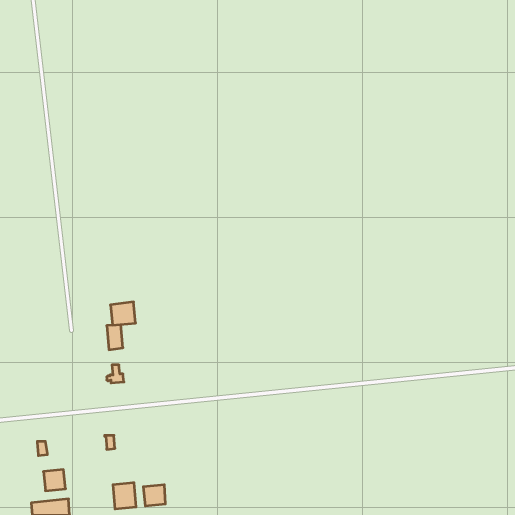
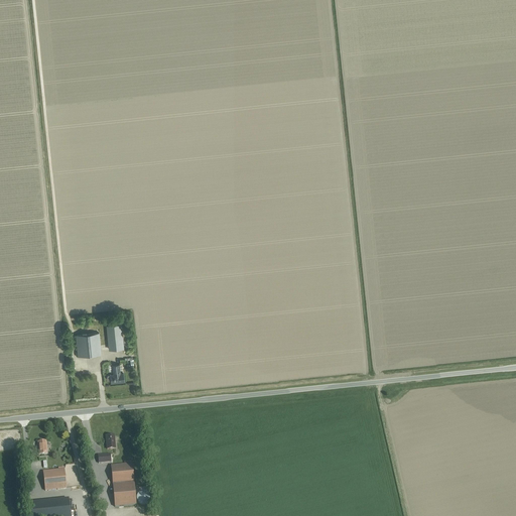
building: [110,302,136,325] -> [76,333,101,356]
building: [143,485,165,506] -> [111,464,133,485]

